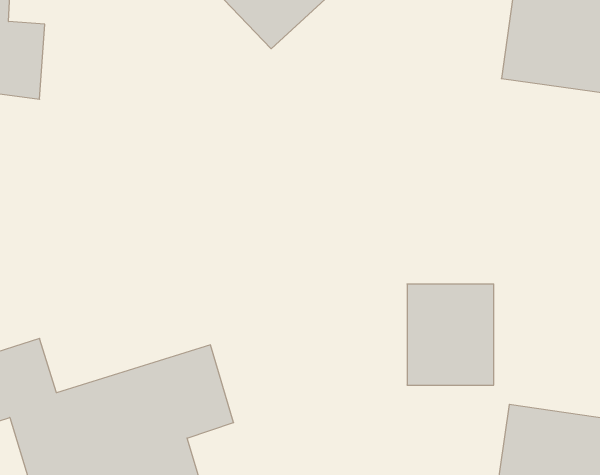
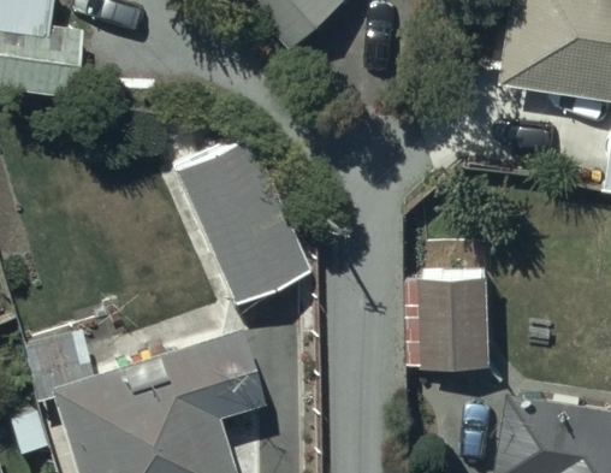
building: none -> [168,135,310,309]

